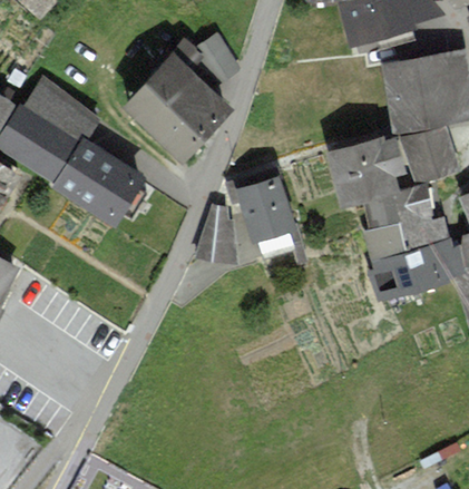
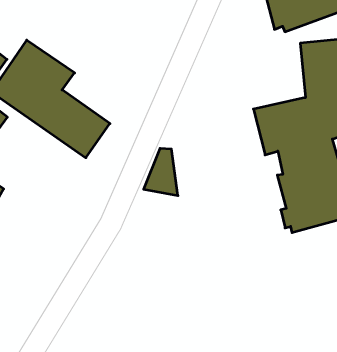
building: [126,33,237,160] -> none
building: [237,174,300,257] -> none

